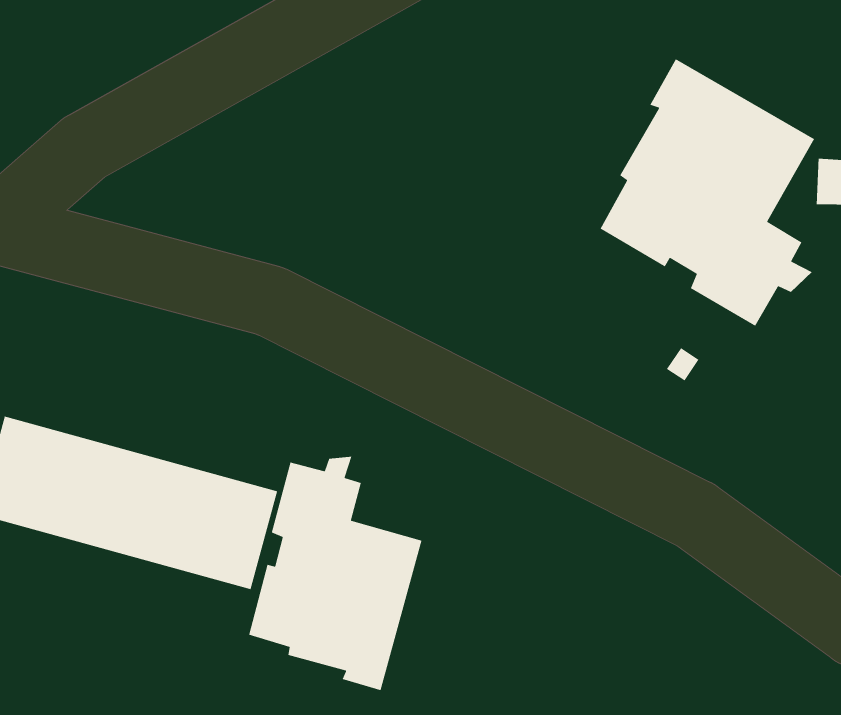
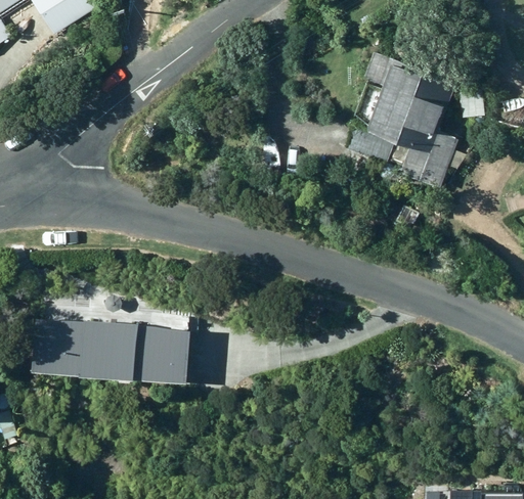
building: [248,456,423,691] -> none

